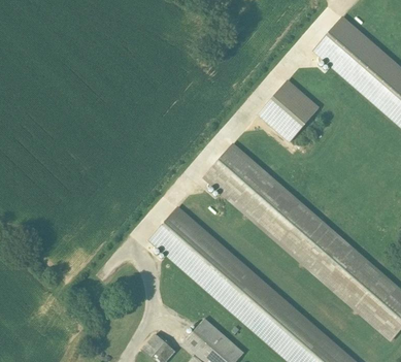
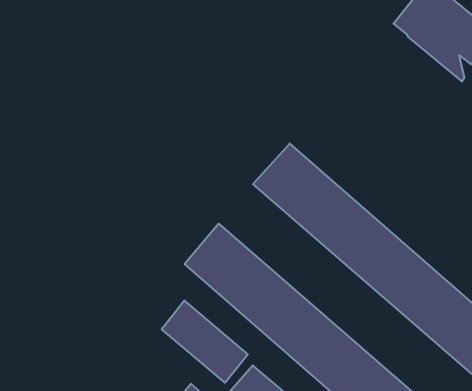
building: [260,78,324,142] -> none
building: none -> [162,301,248,383]

